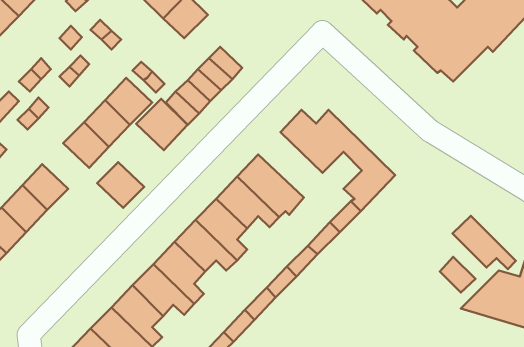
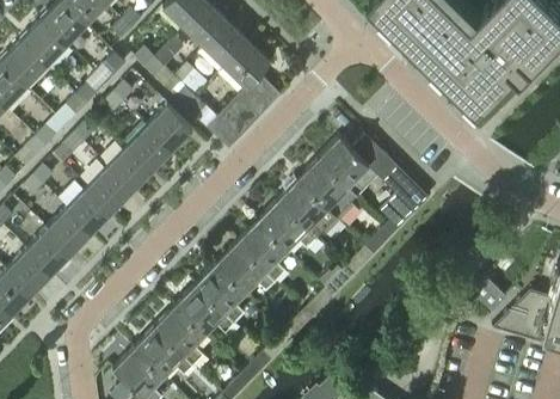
building: none -> [223,44,267,88]
building: [136,99,188,150] -> none
building: none -> [295,158,357,221]
building: [97,162,144,208] -> [86,168,131,213]
building: [453,216,516,269] -> none

